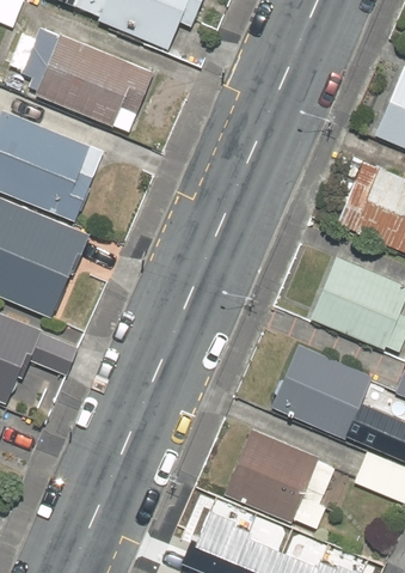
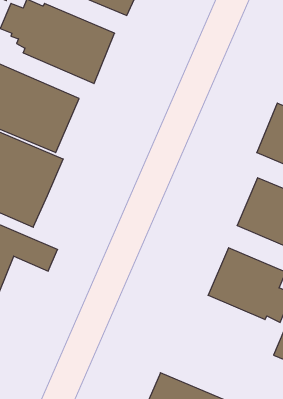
building: [223,428,320,523] -> none

